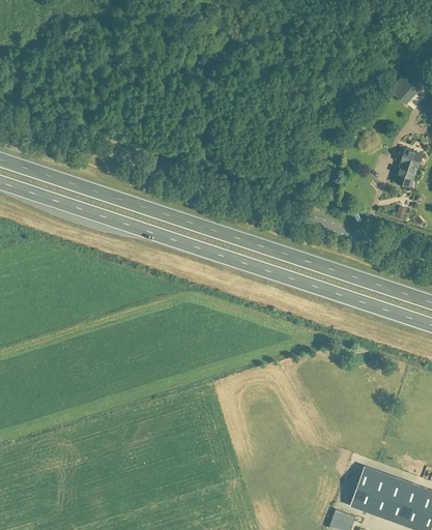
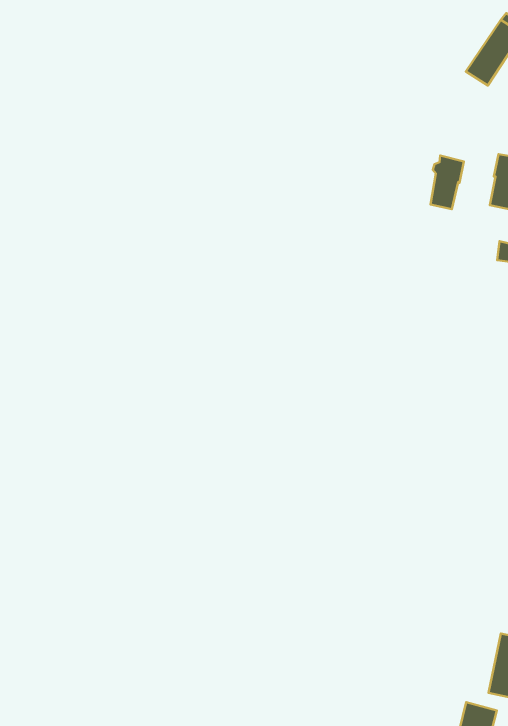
building: none -> [430,156,464,209]

